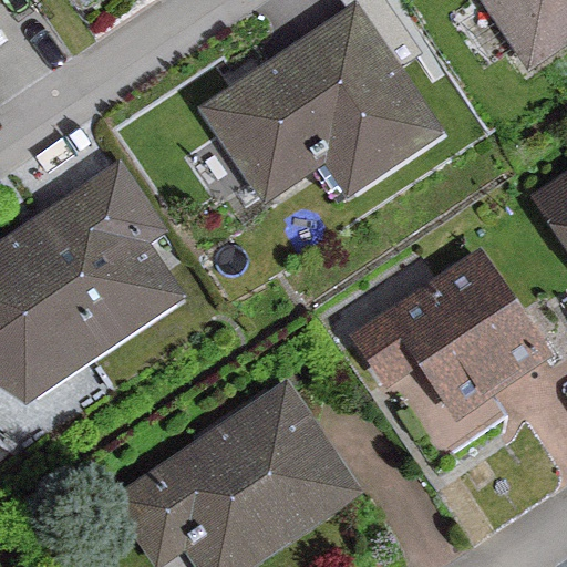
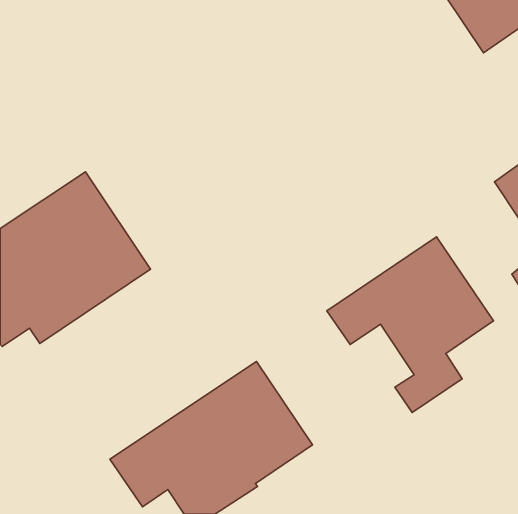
building: [210,14,429,190] -> none

